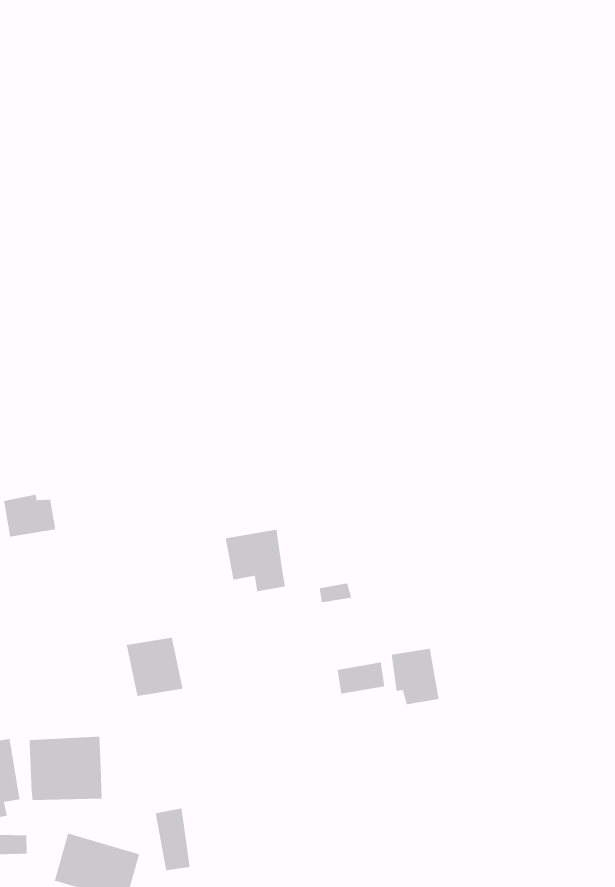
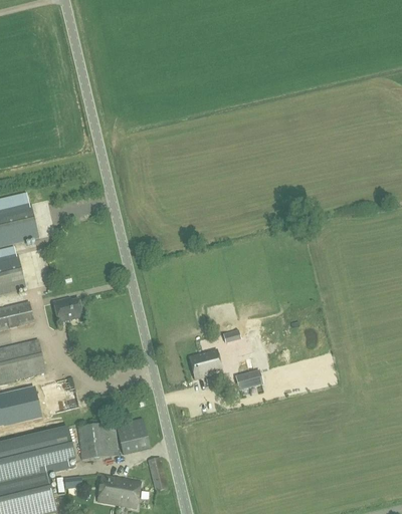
building: [225,529,286,592] -> [188,349,222,383]
building: [126,637,183,697] -> [117,419,149,452]
building: [391,648,439,705] -> none

